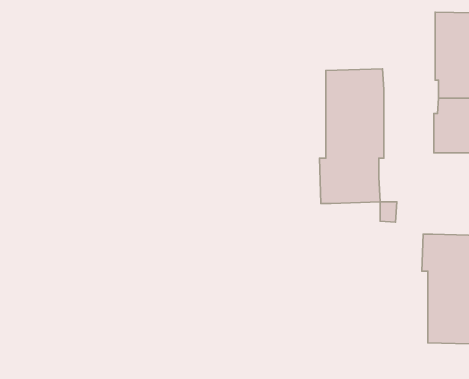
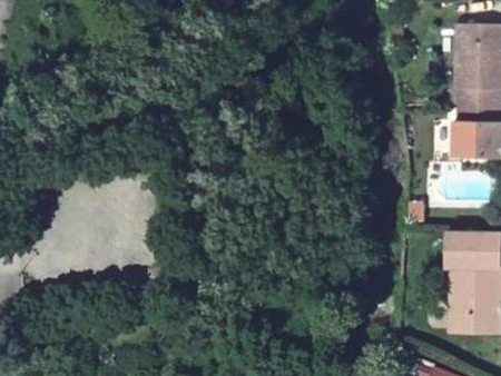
building: [320,69,384,203] -> none

